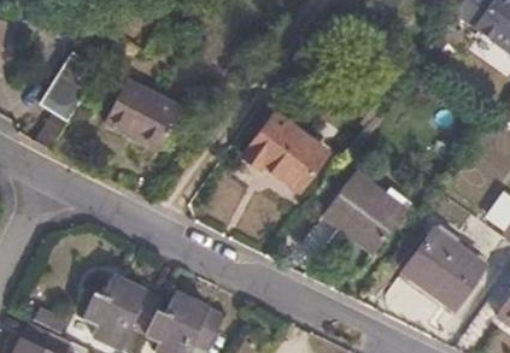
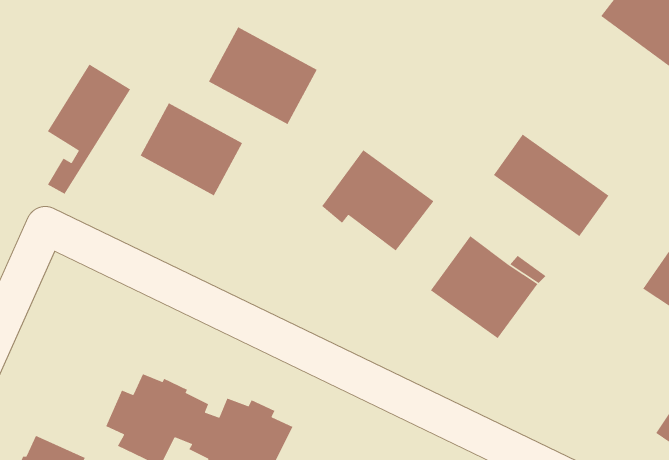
building: none -> [208,26,318,125]
building: none -> [493,133,609,237]
building: [403,231,485,311] -> none

